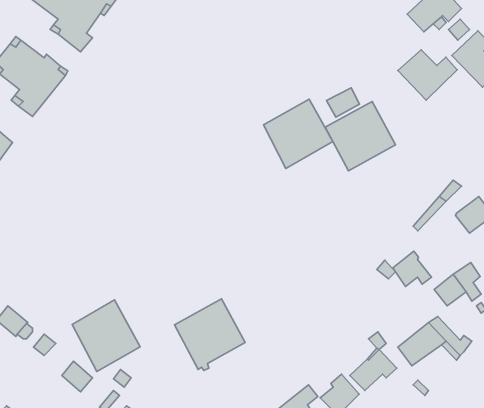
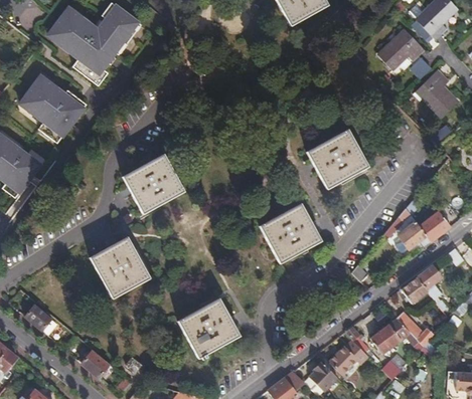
building: [398,50,457,100] -> none
building: [327,88,359,117] -> none
building: [263,99,333,168] -> [261,203,320,262]
building: none -> [123,154,184,213]
building: [393,251,431,287] -> [398,219,431,249]
building: [72,300,140,372] -> [91,236,149,297]

